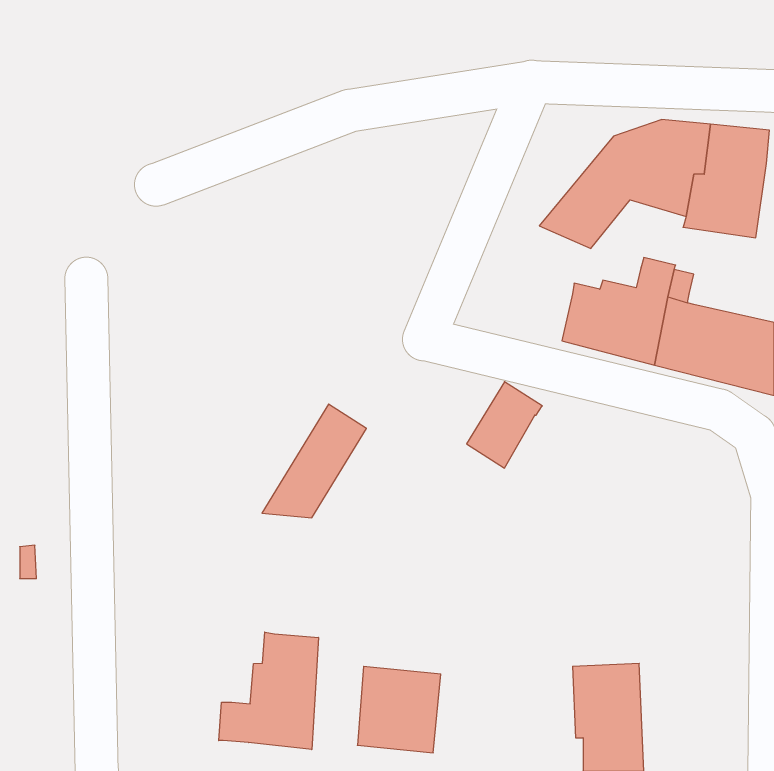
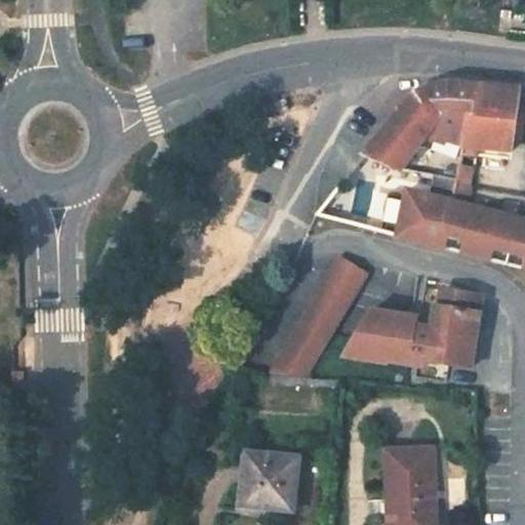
building: [262,404,366,518] -> [271,300,341,377]
building: none -> [342,287,482,364]
building: [219,632,318,750] -> none

